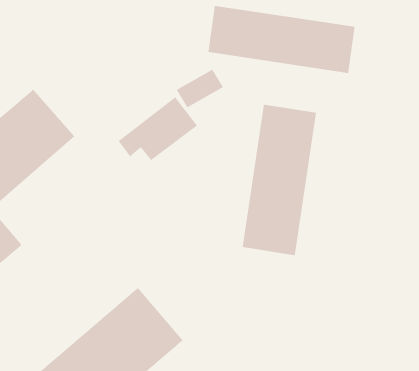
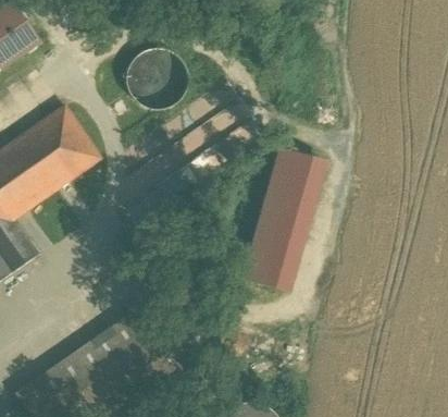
building: [208,5,355,74] -> none
building: none -> [123,49,185,111]

